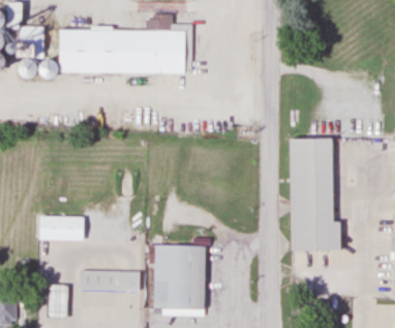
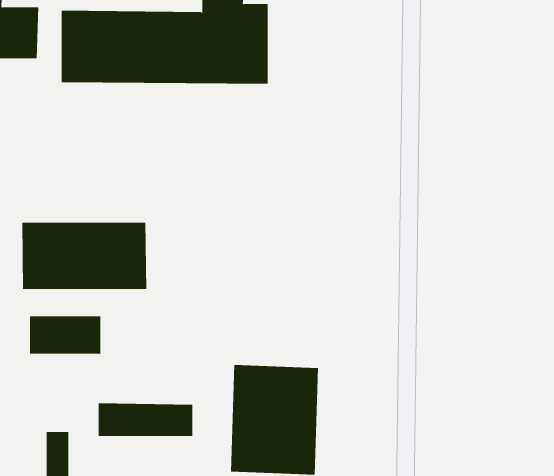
building: [288,138,340,249] -> none
building: none -> [22,222,147,290]

